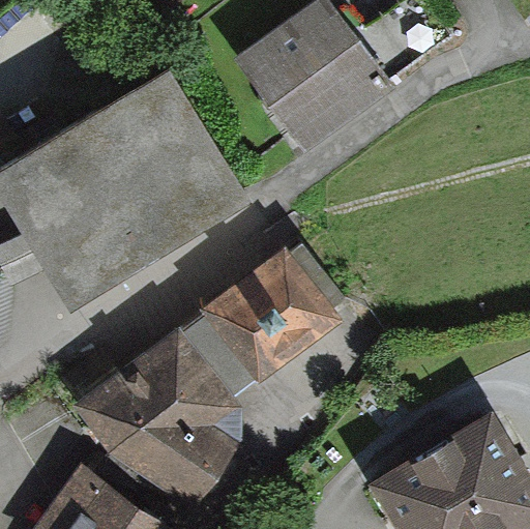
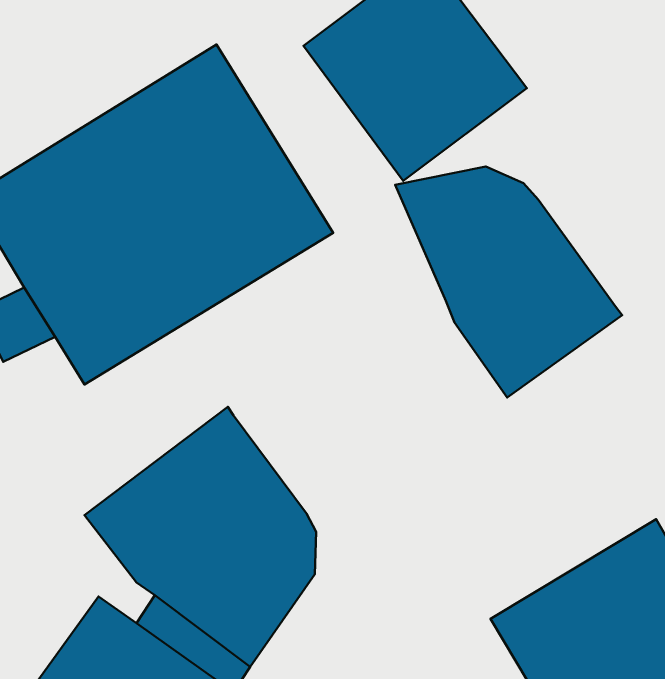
building: none -> [395,167,622,397]
building: [180,243,347,405] -> none

